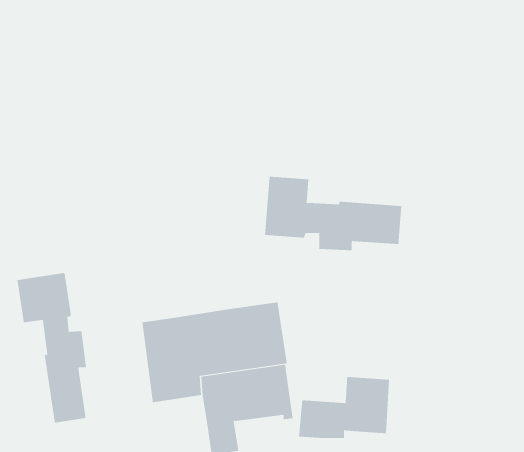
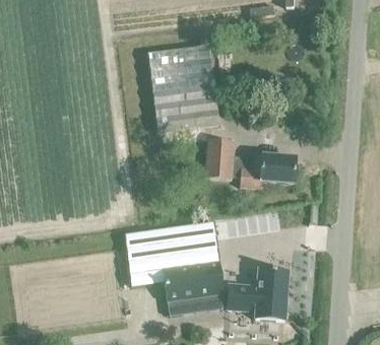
building: none -> [148,46,219,132]
building: [17,272,87,423] -> none

